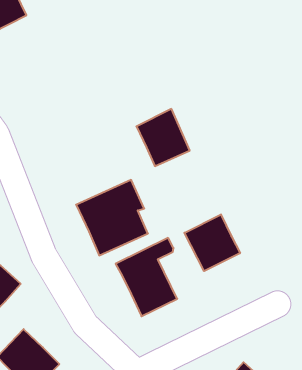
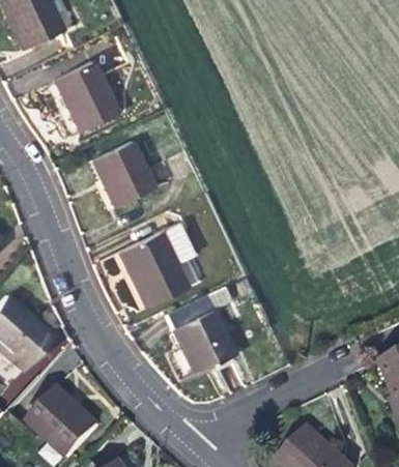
building: none -> [54,64,117,135]
building: [136,109,190,166] -> [91,144,151,208]
building: [184,214,240,271] -> none

